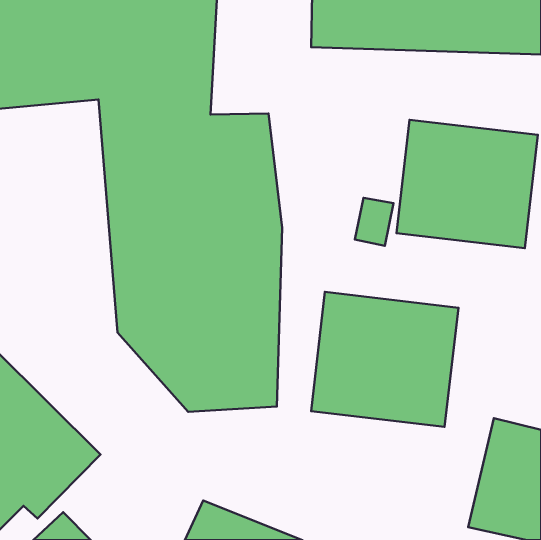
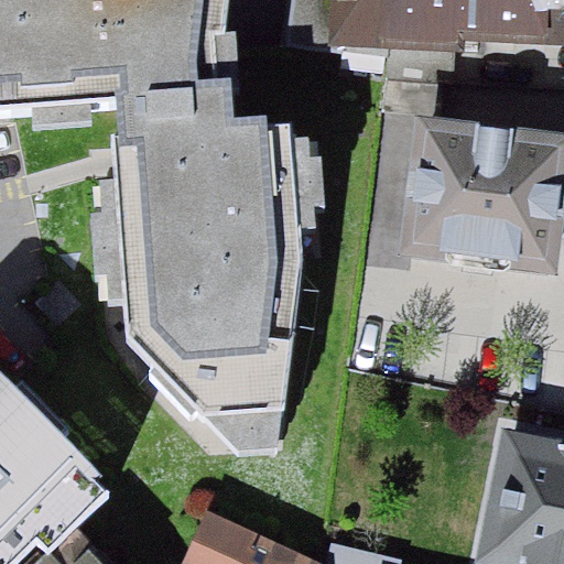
building: [311,292,459,427] -> none

